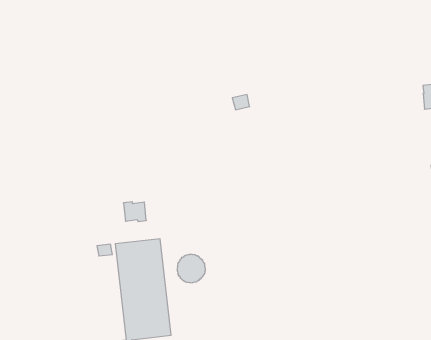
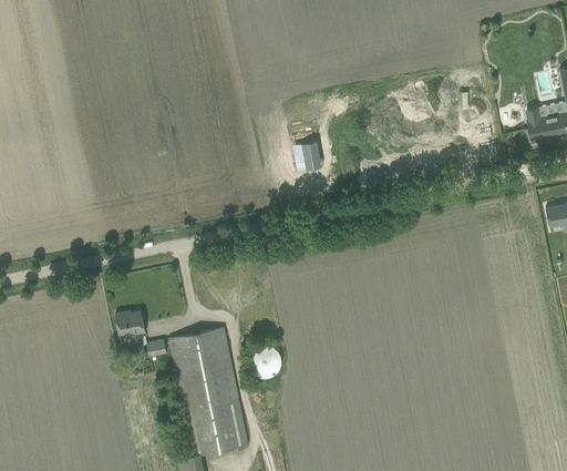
building: [123,202,146,222] -> [116,310,146,336]

